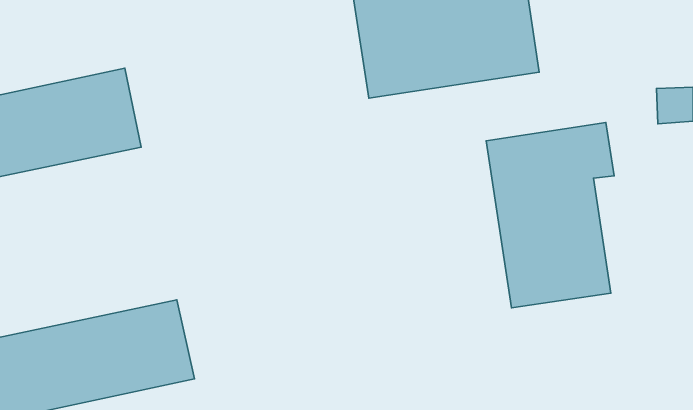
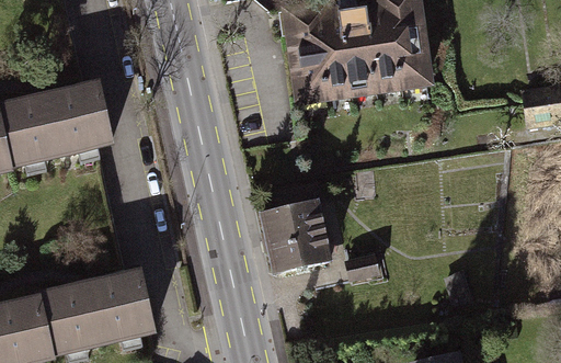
building: [486,122,614,308] -> none
building: none -> [264,198,331,271]

